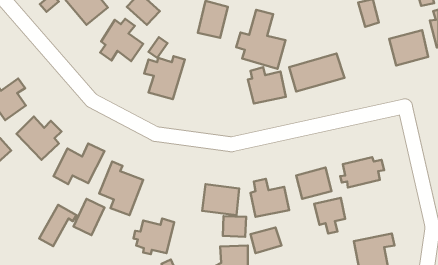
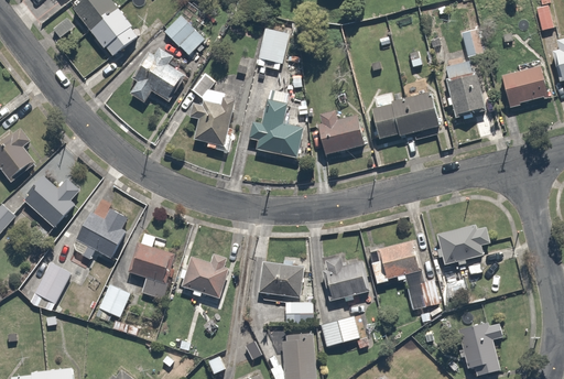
building: [236,10,285,69] -> [243,90,306,165]
building: none -> [444,65,487,119]
building: [39,205,76,246] -> [30,258,77,311]
building: [134,219,174,254] -> [180,252,231,297]

